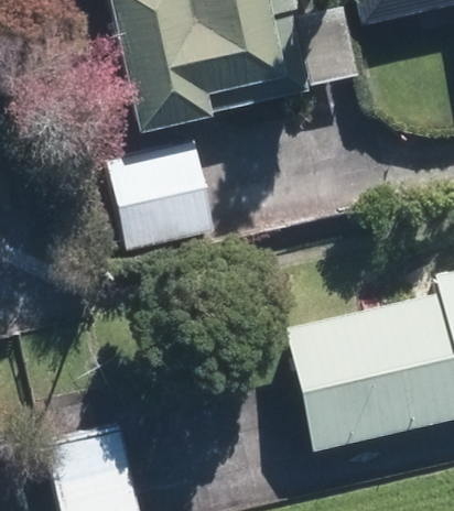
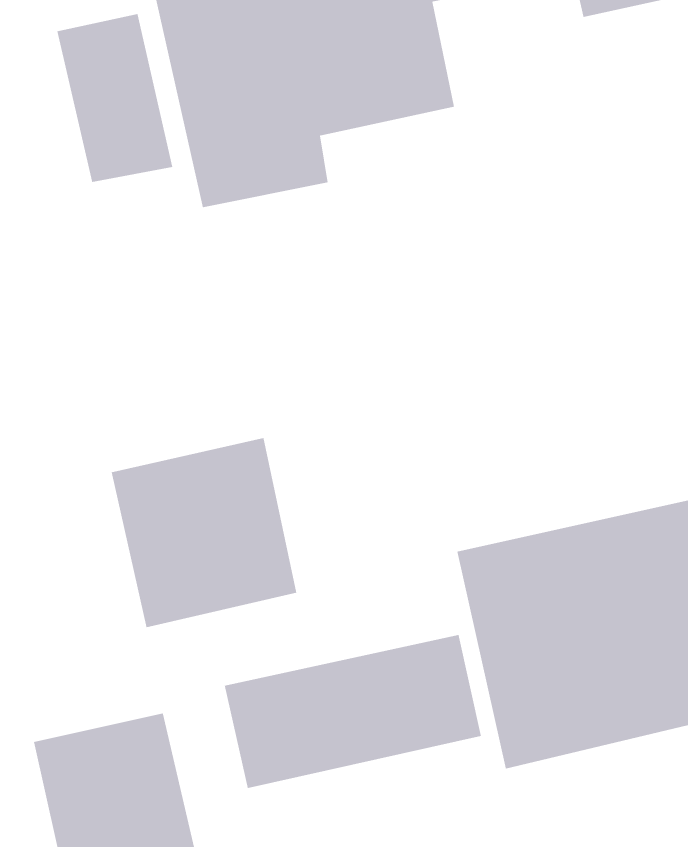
building: [107,141,213,249] -> [111,437,297,628]
building: none -> [224,634,481,789]

